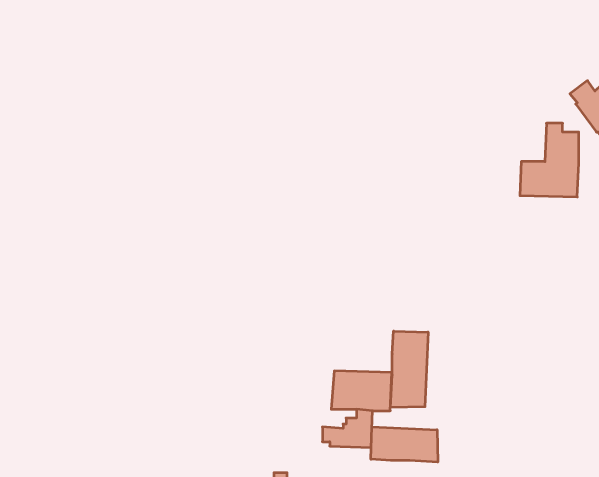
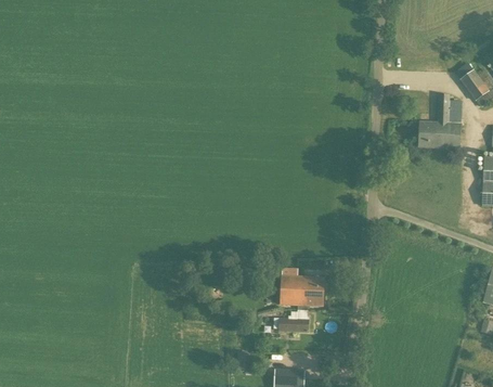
building: [390,331,428,407] -> none
building: [371,427,438,462] -> none

